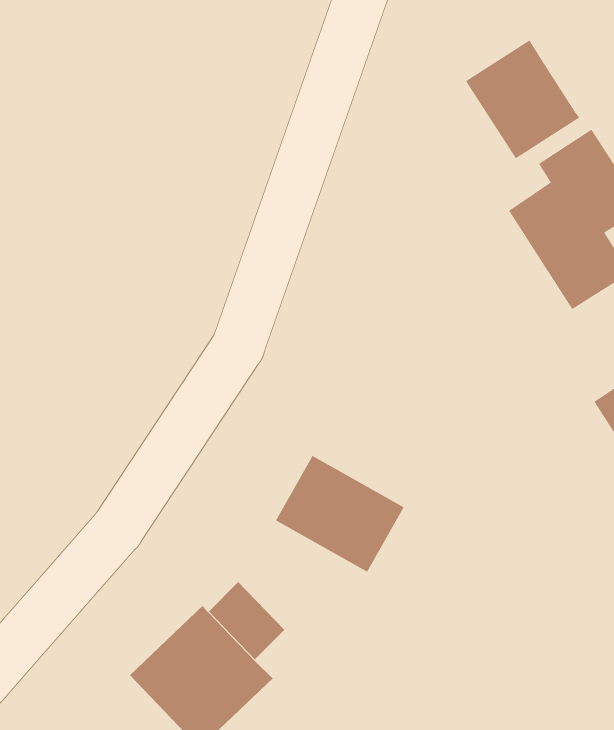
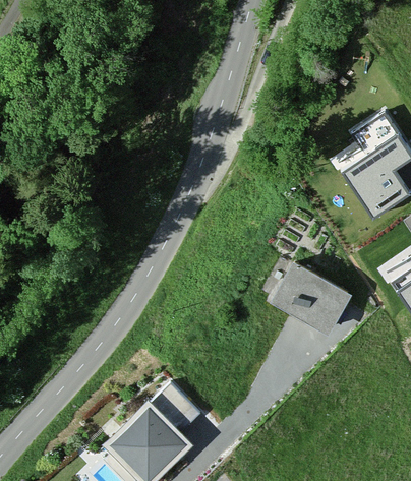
building: [465,39,580,159] -> none
building: [275,455,404,572] -> [273,257,351,328]

